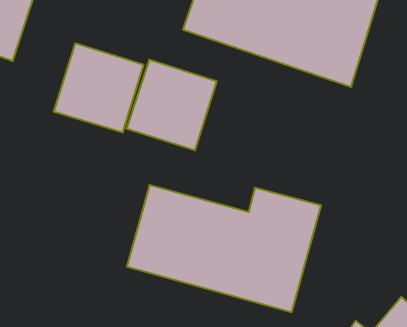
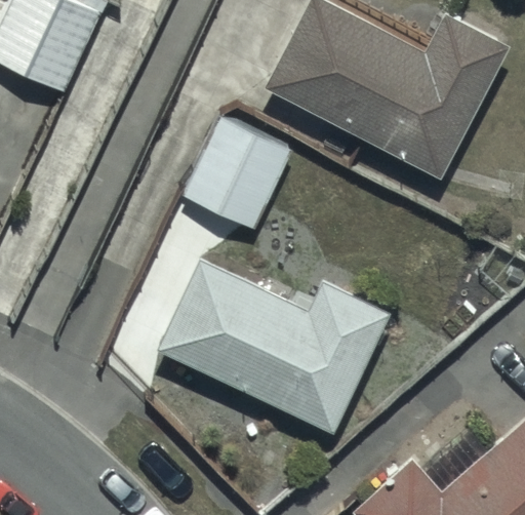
building: [54,43,144,133] -> none

